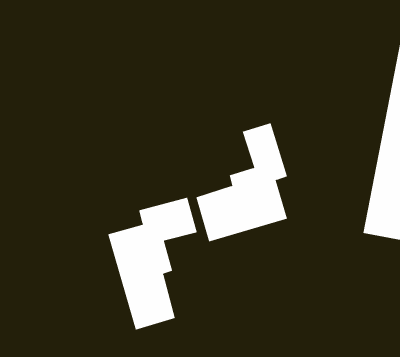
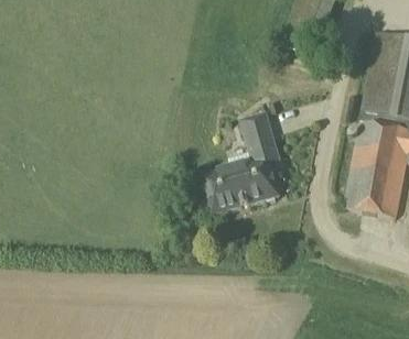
building: [107,197,198,330] -> none

